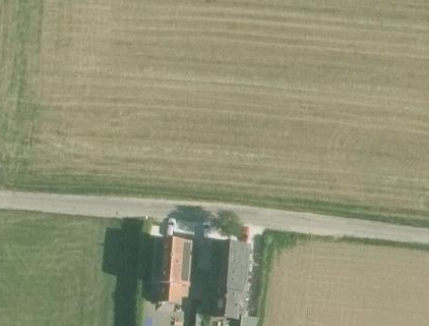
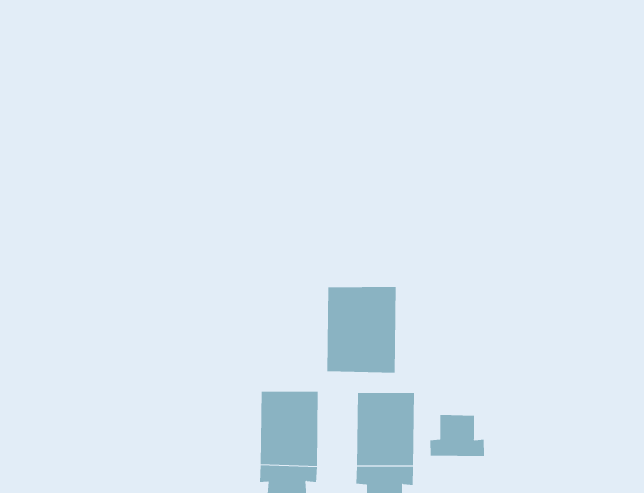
building: none -> [327,286,396,373]
building: none -> [430,414,485,457]

